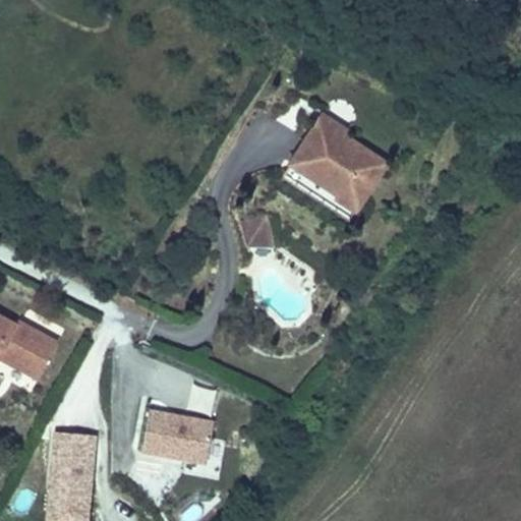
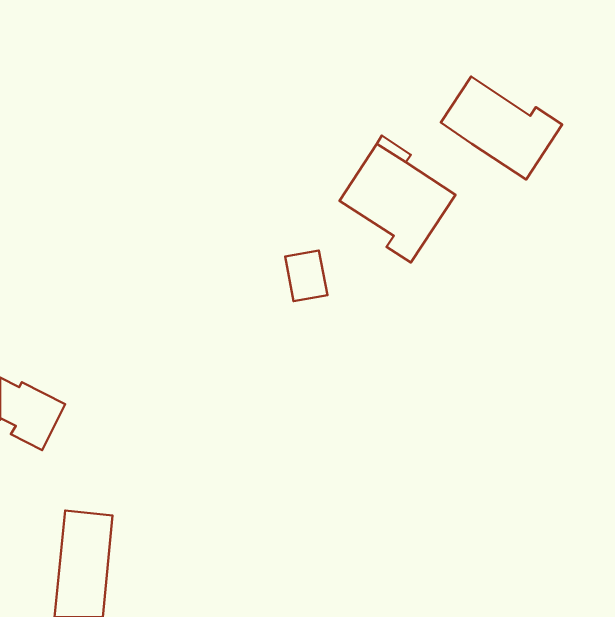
building: none -> [441,76,562,180]
building: [139,409,211,463] -> none

